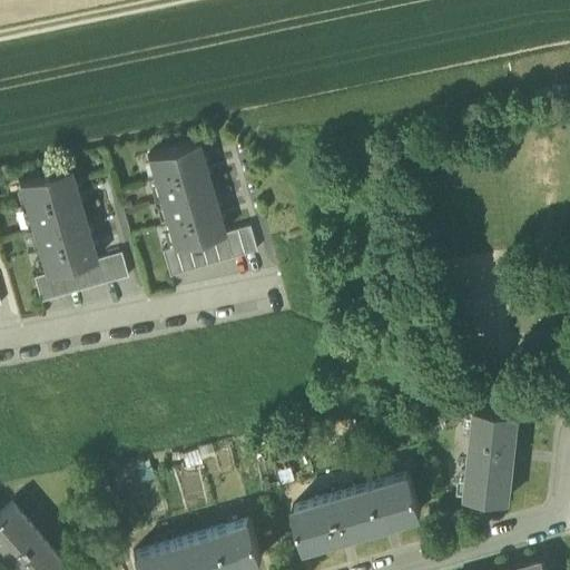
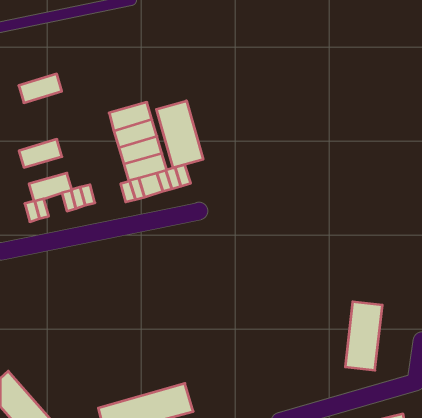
building: none -> [156,101,203,168]
building: [19,169,77,208] -> [19,74,62,103]
building: [32,216,90,253] -> none
building: [59,265,90,296] -> none
building: [292,475,420,548] -> none

